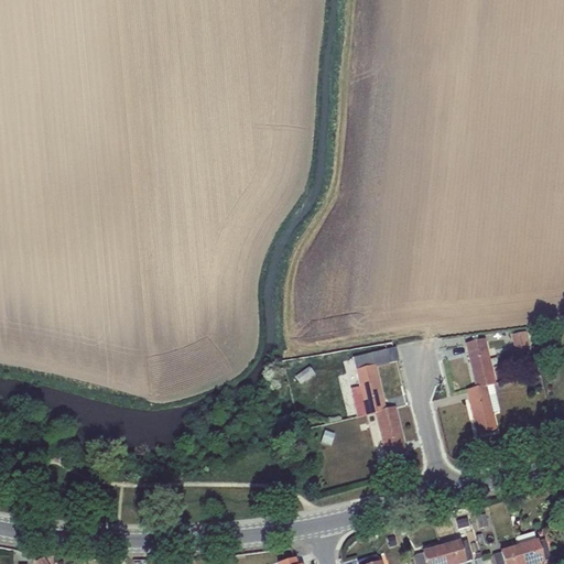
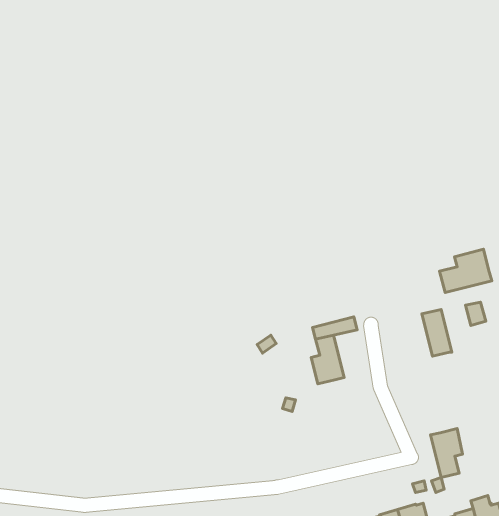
building: none -> [440,249,492,293]
building: [466,383,499,434] -> [430,429,462,478]
building: [375,408,404,456] -> none

